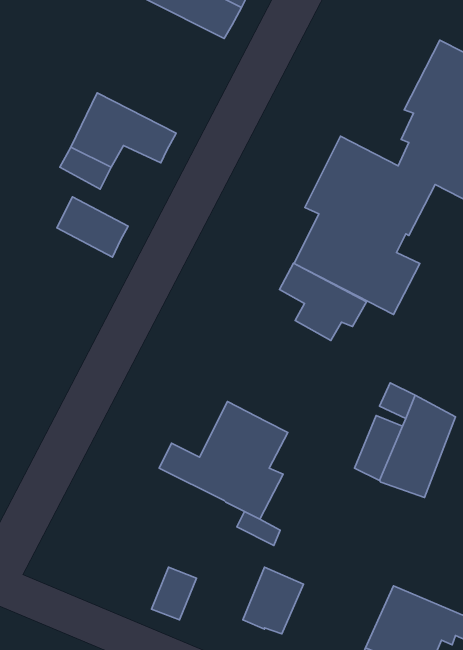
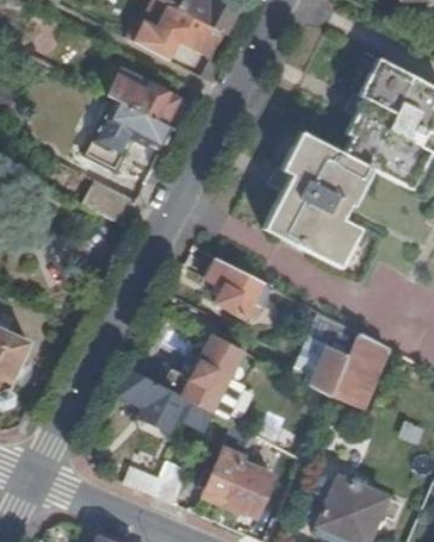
building: none -> [106,69,186,129]
building: [280,263,366,341] -> [204,256,271,316]
building: none -> [117,369,211,431]
building: none -> [202,447,243,503]

